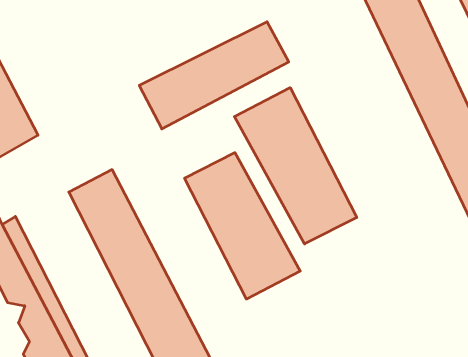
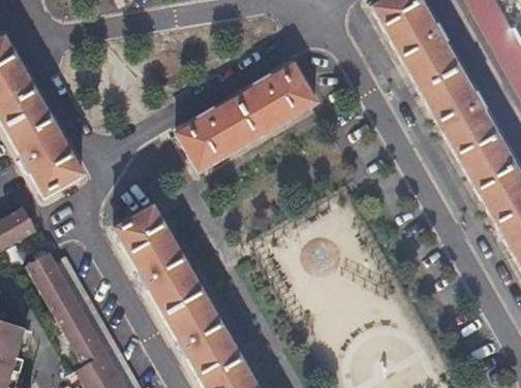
building: [234,88,357,244] -> none
building: [185,153,300,299] -> none

